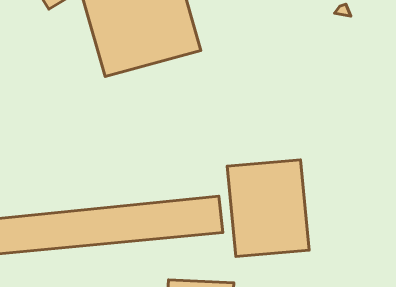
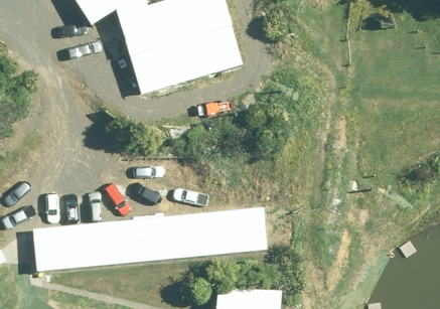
building: [227,160,309,257] -> none

